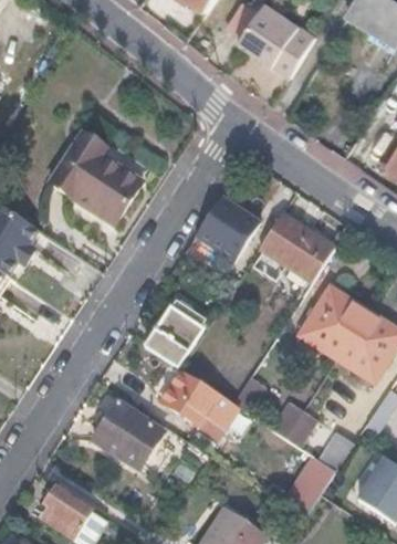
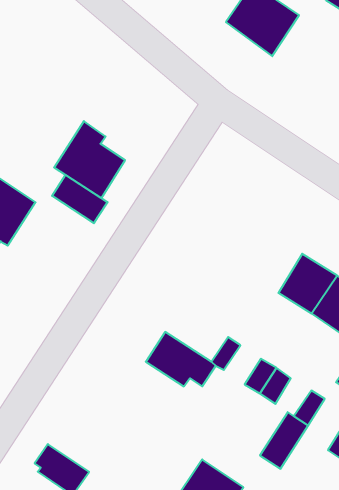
building: [192,193,259,258] -> none
building: none -> [52,175,108,223]
building: [249,212,333,279] -> none
building: [146,301,211,367] -> none
building: [92,401,166,471] -> none

